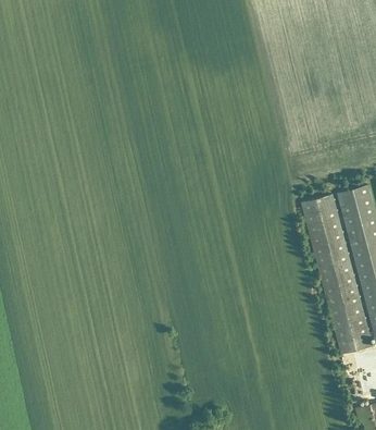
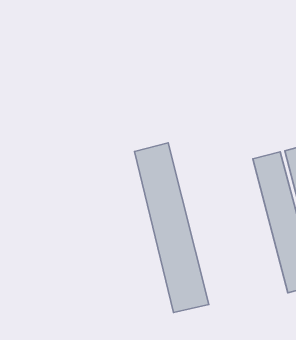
building: none -> [135,143,209,313]

